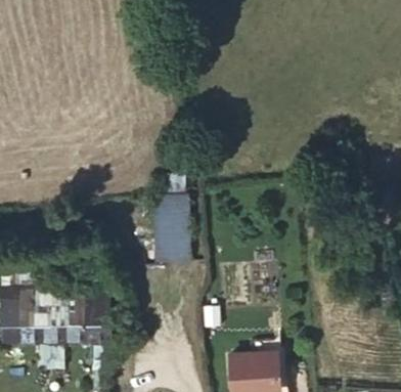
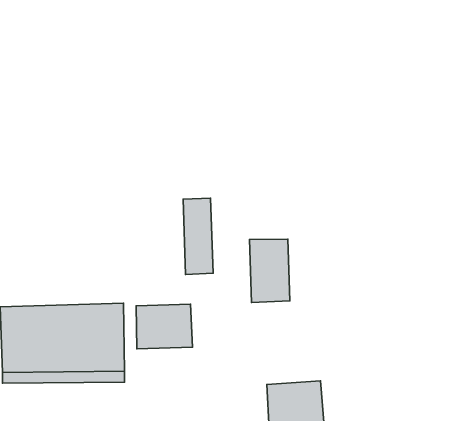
building: none -> [250,239,290,303]
building: none -> [136,304,192,349]

